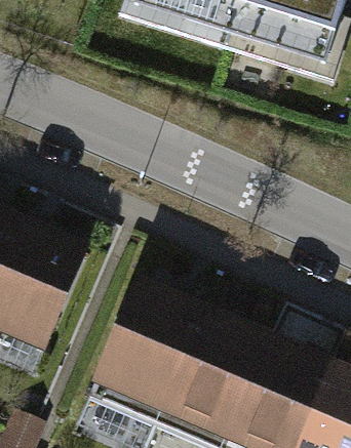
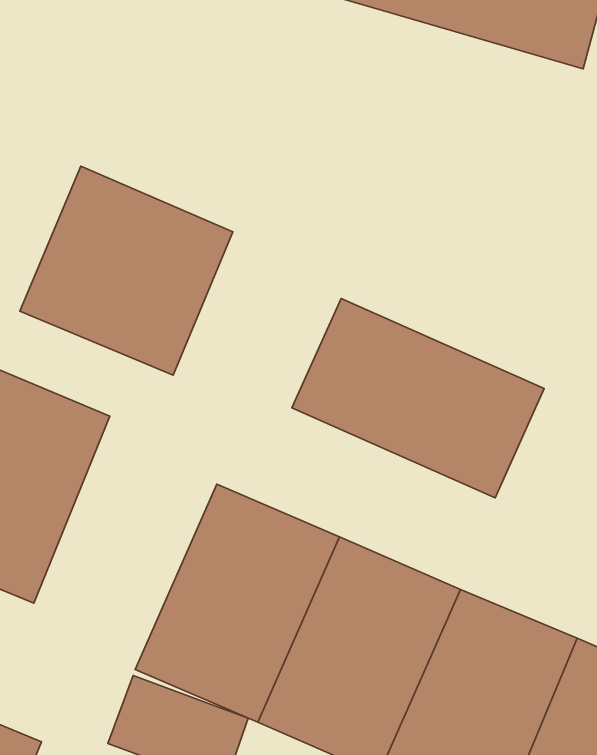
building: none -> [20,166,233,375]
building: none -> [292,299,544,498]

